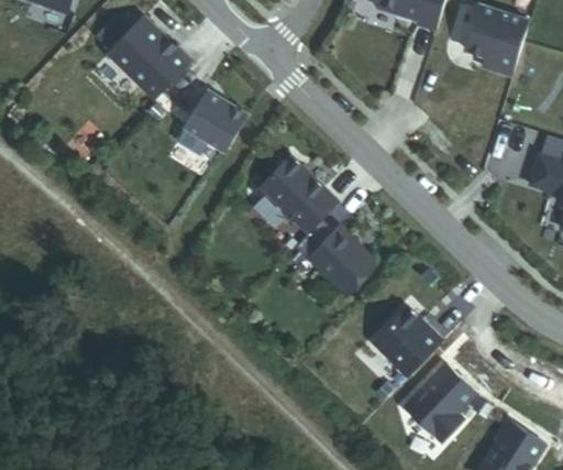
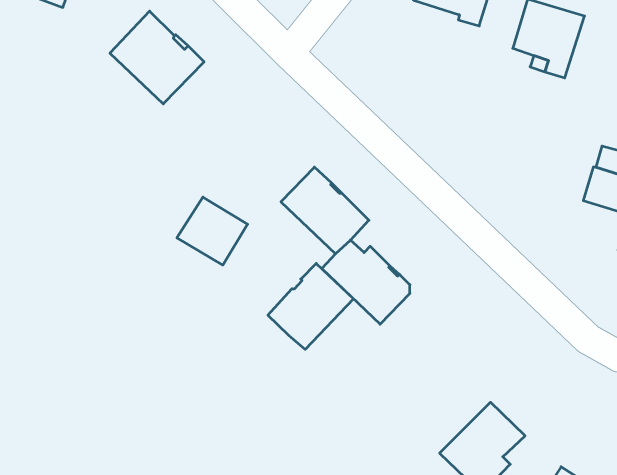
building: [185,90,247,151] -> [177,197,248,265]
building: none -> [268,263,354,349]
building: [369,307,442,380] -> none

